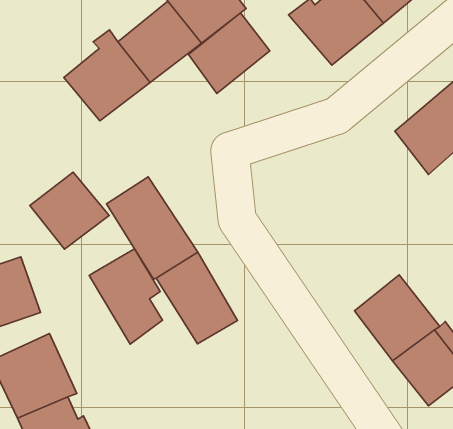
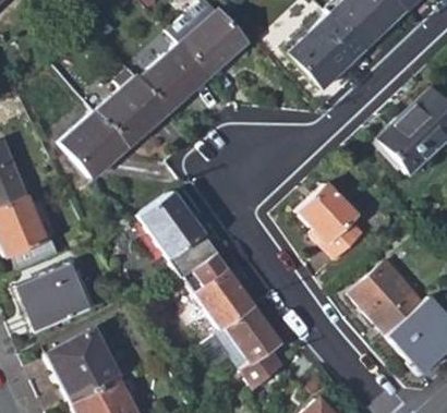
building: [188,13,270,94] -> none
building: [30,172,109,249] -> [61,112,129,178]
building: none -> [300,186,363,259]
building: [89,249,162,344] -> [218,308,282,389]

